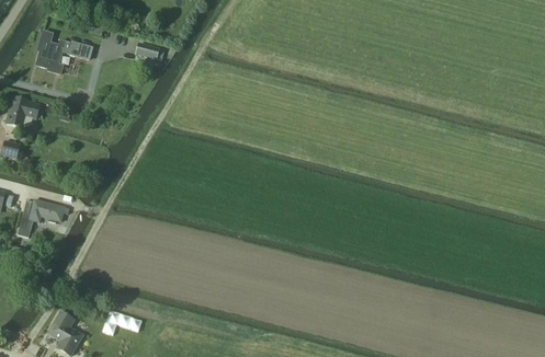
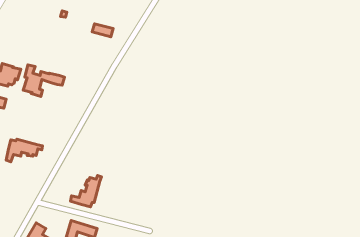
building: [36,32,92,74] -> [23,65,65,97]
building: none -> [70,175,101,207]

